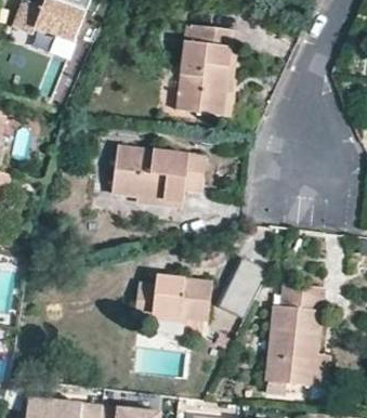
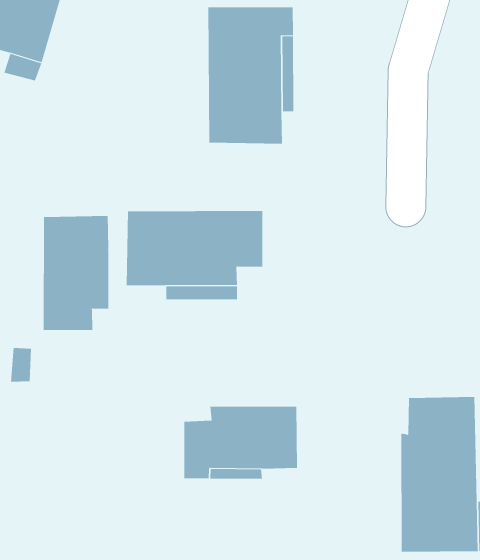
building: none -> [43,215,109,331]
building: [221,262,270,322] -> none

